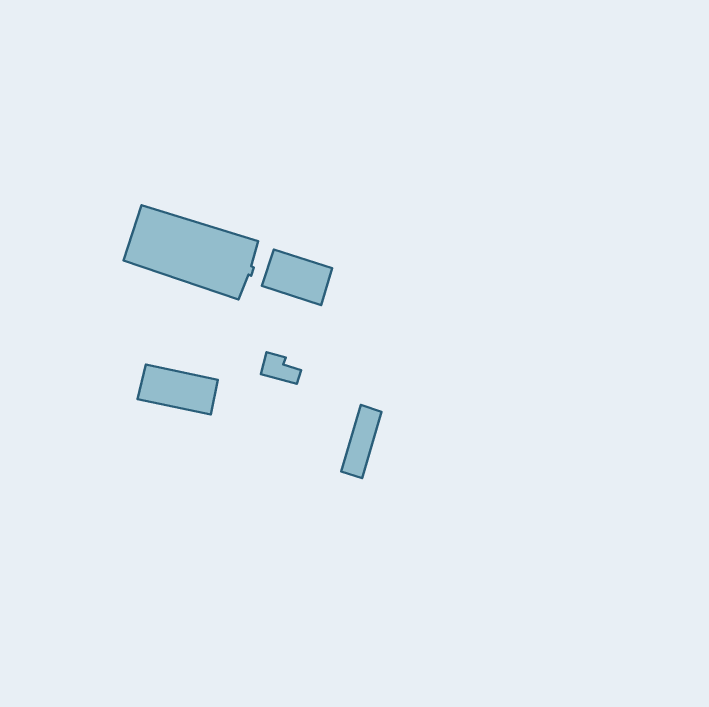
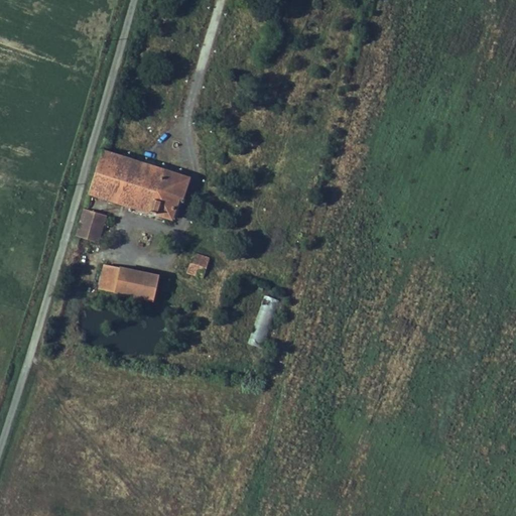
building: [262,250,332,305] -> none
building: none -> [76,208,106,243]

